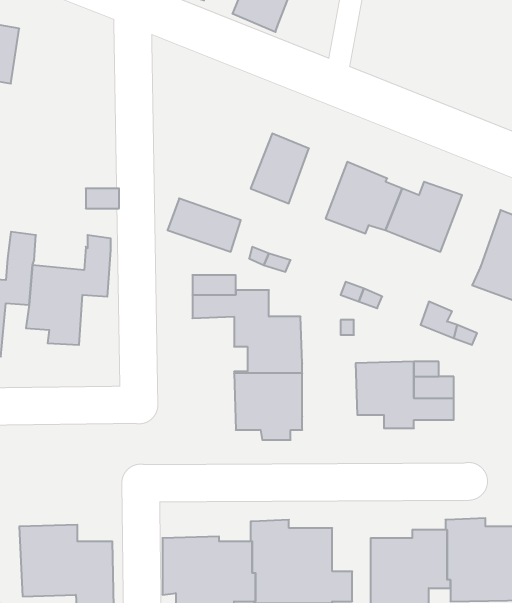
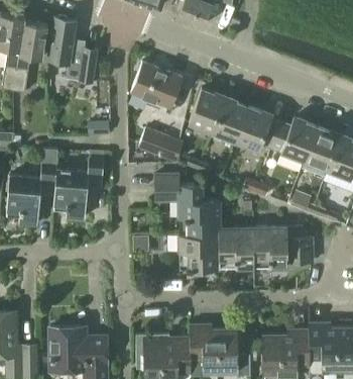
building: none -> [48,17,98,82]
building: none -> [130,62,183,108]
building: none -> [212,98,247,140]
building: none -> [304,126,340,170]
building: none -> [220,228,253,268]

